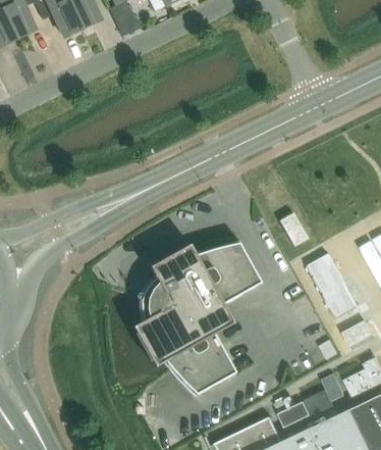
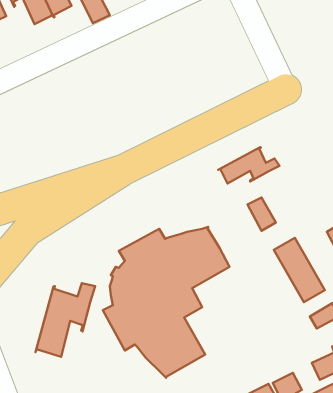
building: none -> [218,147,279,184]
building: none -> [36,283,95,357]

